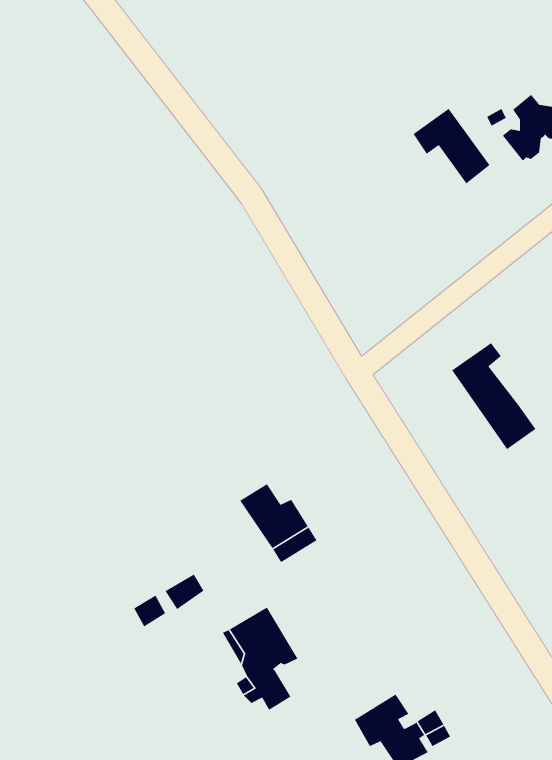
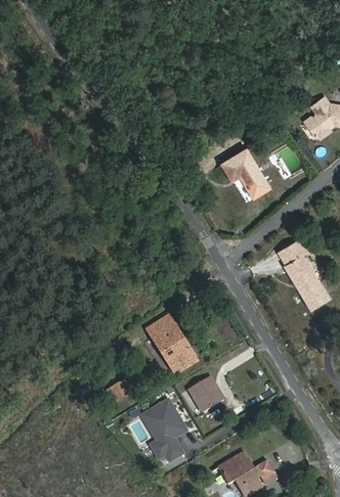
building: [412,108,491,184] -> [225,151,271,196]
building: none -> [146,314,182,338]
building: none -> [188,374,224,411]

